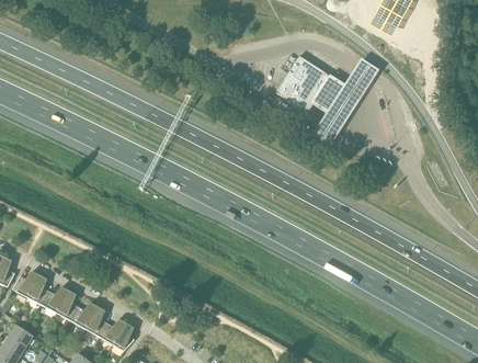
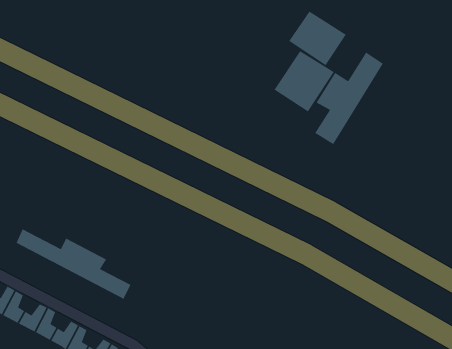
building: none -> [288,10,347,66]
building: none -> [15,228,132,300]

